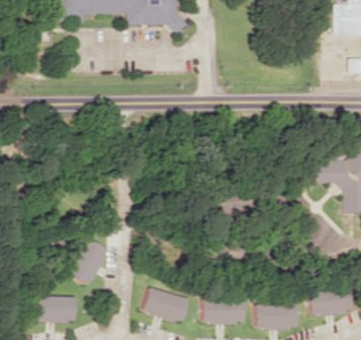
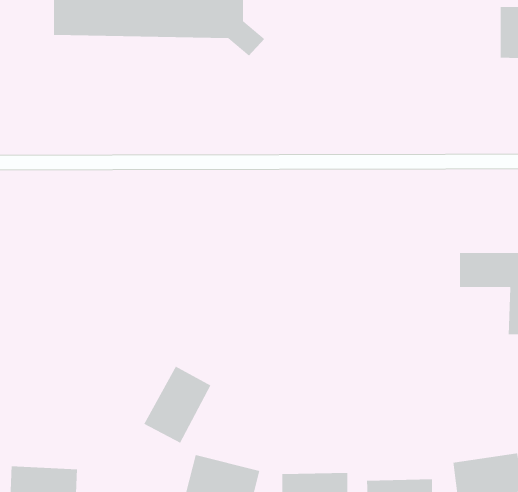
building: [66,236,109,285] -> [143,366,212,444]

